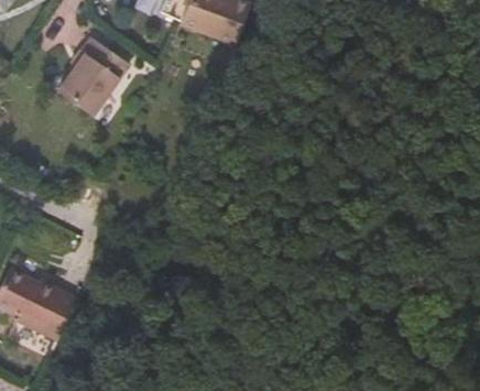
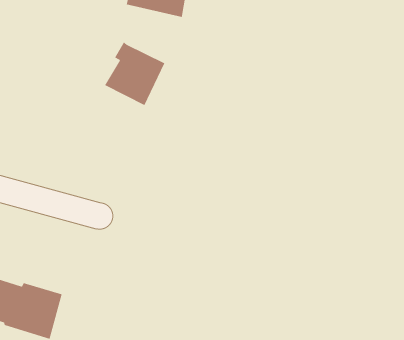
building: [57,51,119,116] -> [104,41,165,106]

